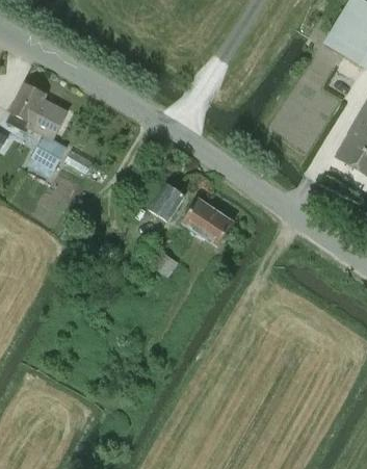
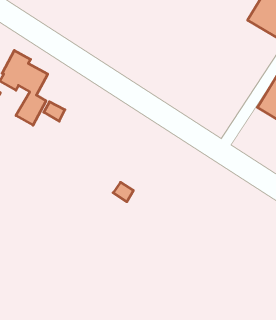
building: [148,182,184,222] -> none
building: [182,198,233,245] -> none

